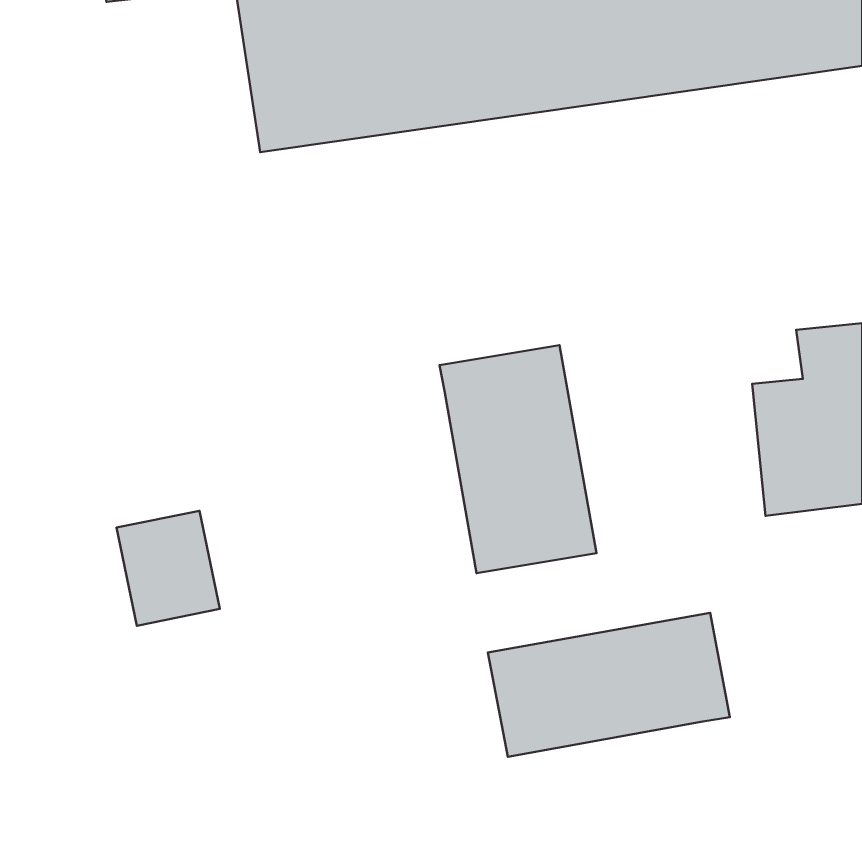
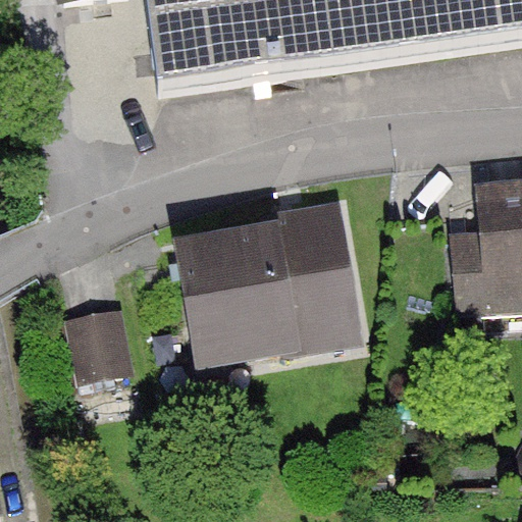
building: none -> [185,236,288,361]
building: [488,613,730,757] -> none

